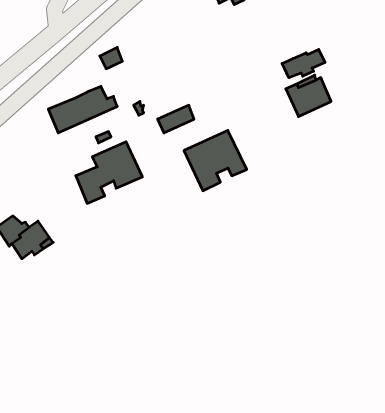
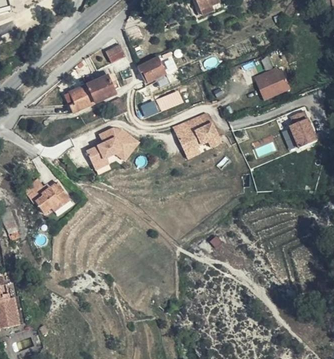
building: [282,49,325,78] -> none
building: none -> [138,57,165,82]
building: none -> [289,110,317,147]

